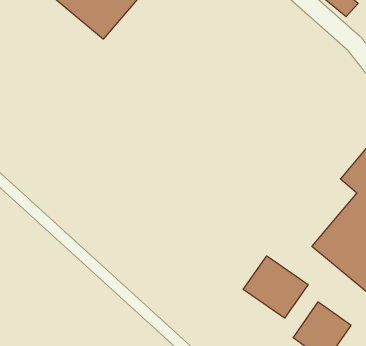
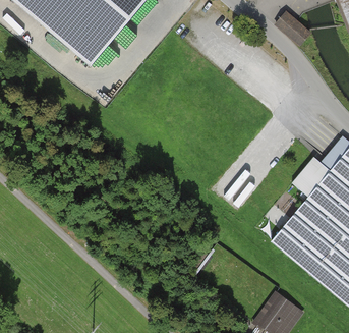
building: [243,256,308,318] -> none

